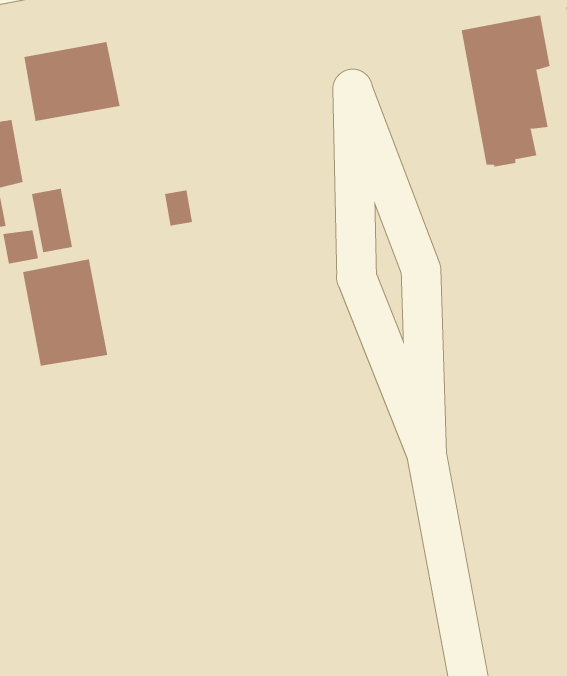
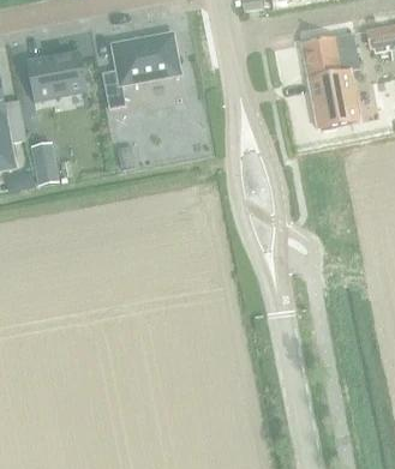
building: none -> [102,34,179,108]
building: [22,259,108,367] -> none

